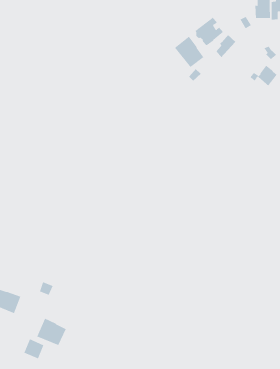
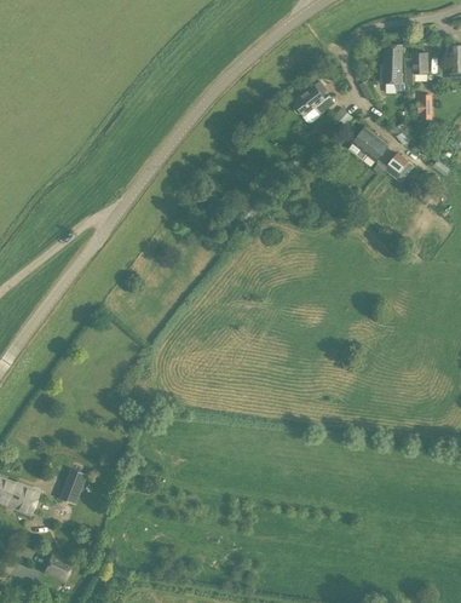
building: [174,36,204,68] -> none
building: none -> [351,126,387,161]
building: [36,318,66,346] -> none

